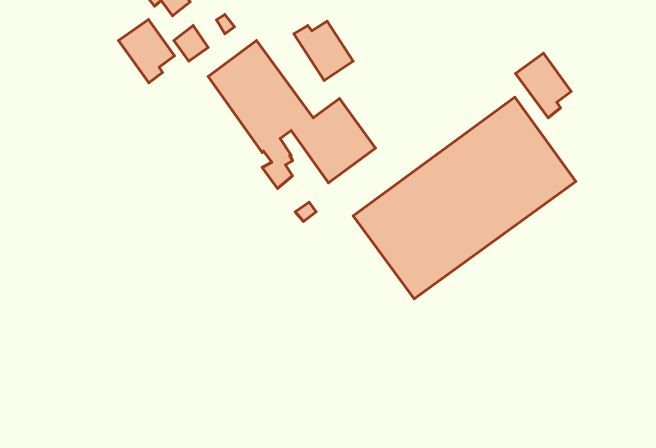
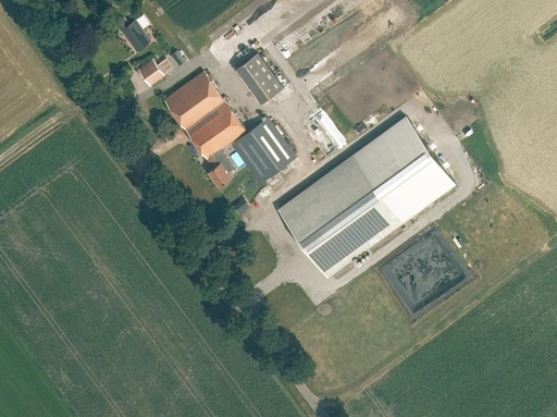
building: [118,19,174,83] -> none
building: [515,53,571,118] -> none

